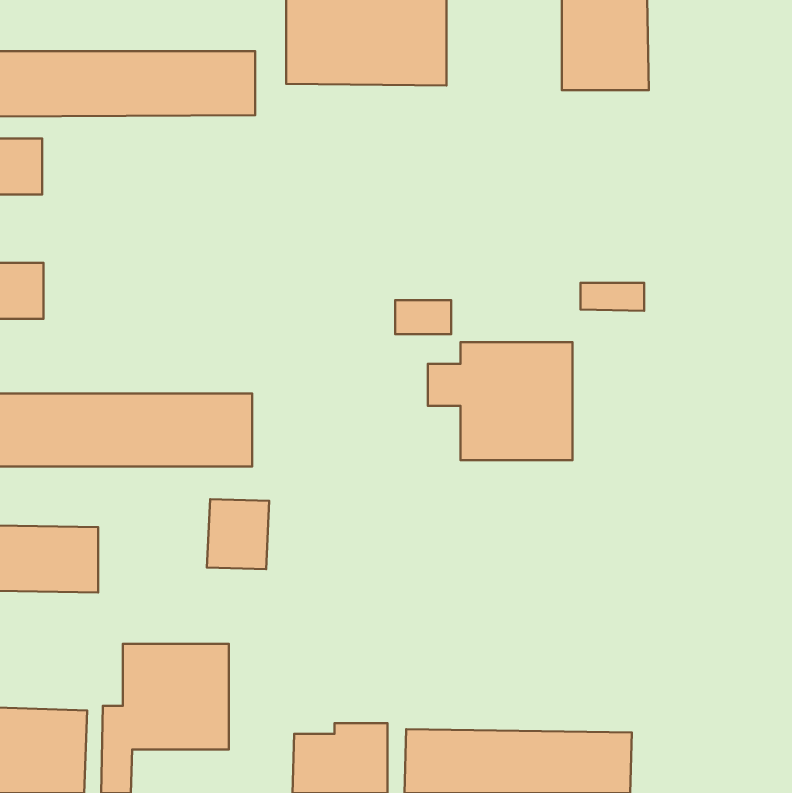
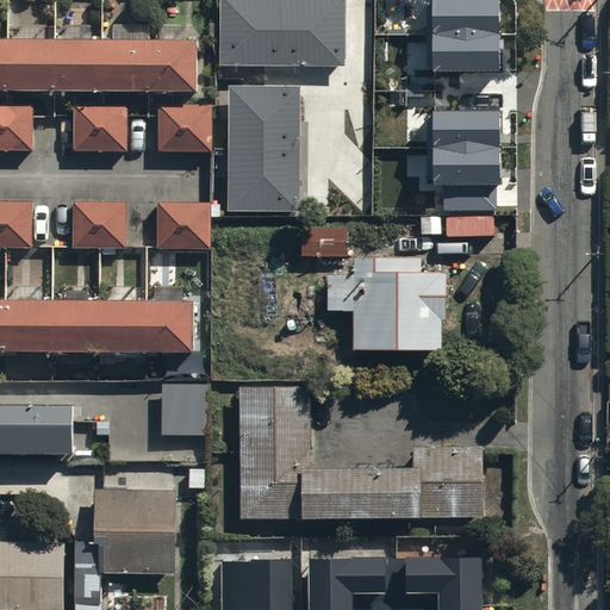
building: none -> [226,85,297,208]
building: none -> [161,107,210,149]
building: none -> [74,108,126,149]
building: none -> [432,111,498,210]
building: none -> [75,201,125,248]
building: none -> [158,204,210,248]
building: none -> [236,396,477,529]

